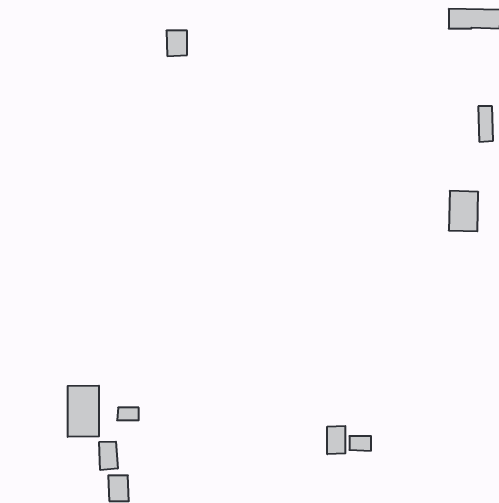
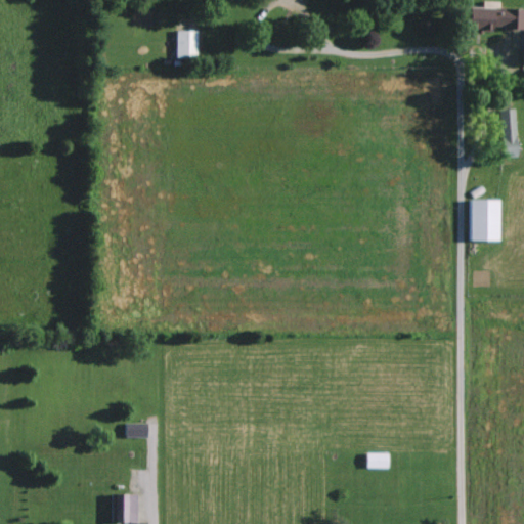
building: [68,386,99,437] -> none
building: [327,426,345,454] -> none
building: [99,442,118,470] -> none

